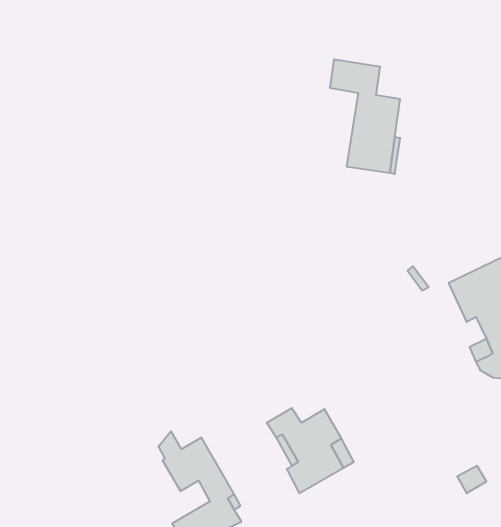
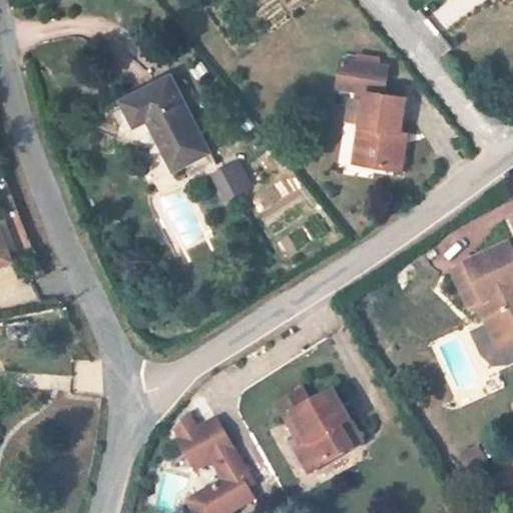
building: none -> [120,75,207,169]
building: none -> [209,159,250,200]

